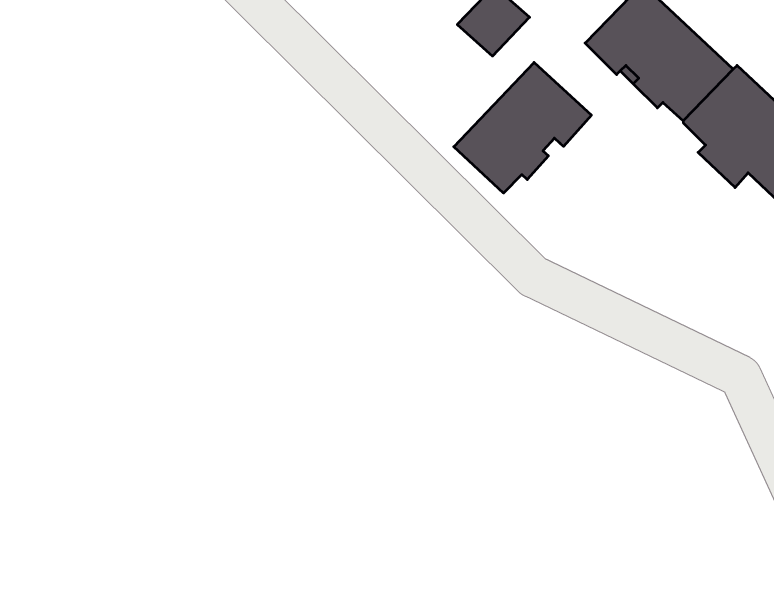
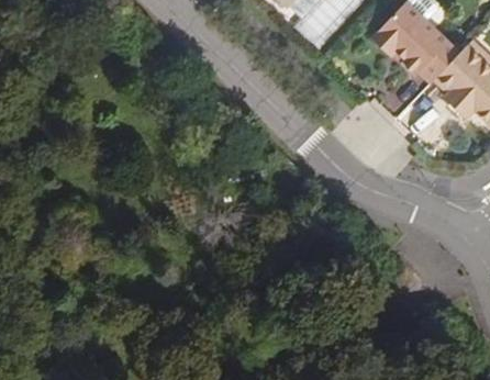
building: [454,62,591,193] -> none

